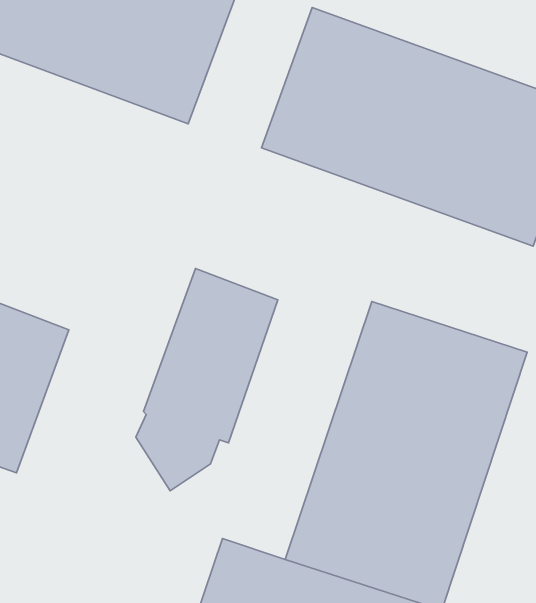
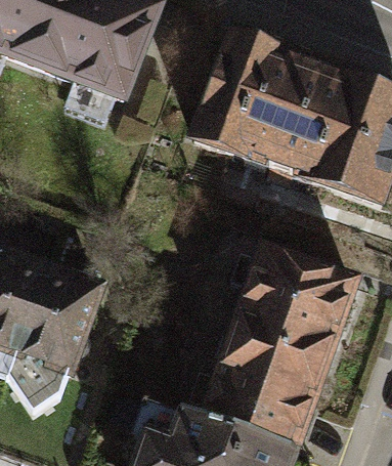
building: [136,268,278,491] -> [8,260,105,413]

